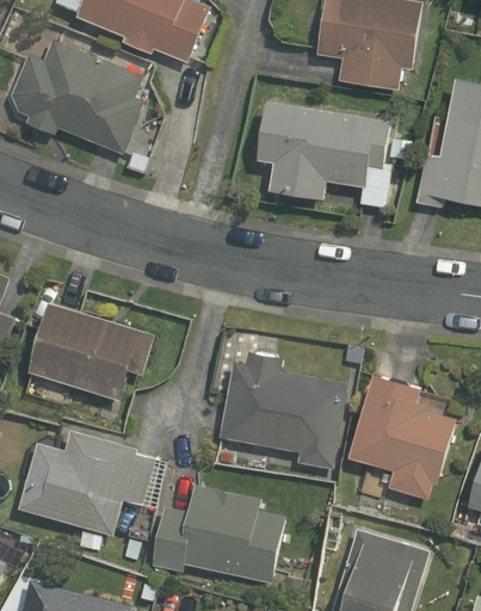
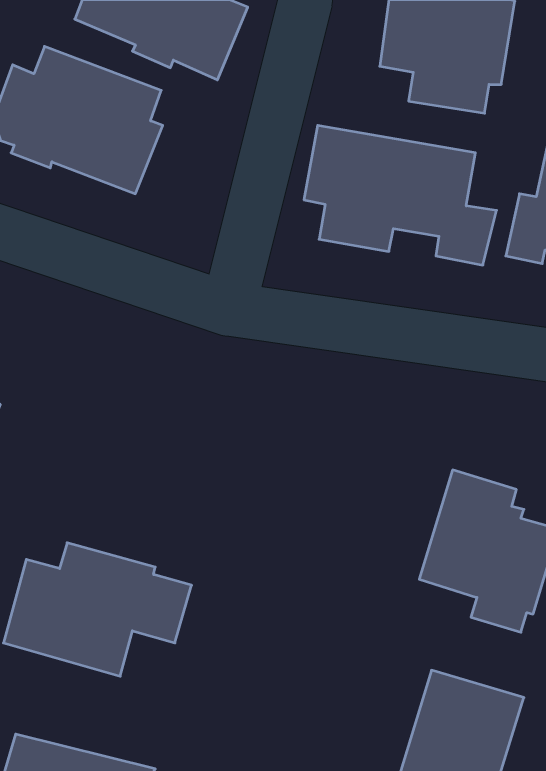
building: [27,302,154,397] -> none
building: [217,352,349,469] -> none
building: [153,482,286,584] -> none

